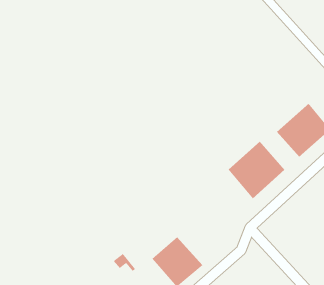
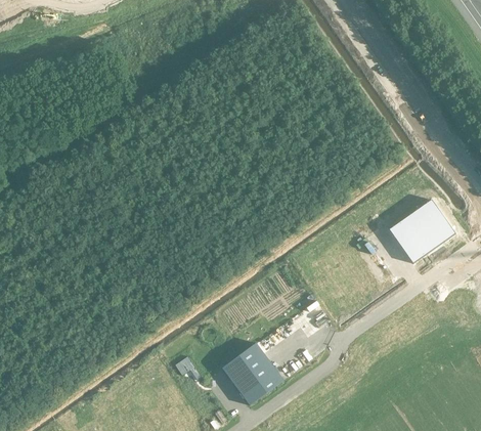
building: [228,141,285,199] -> none

